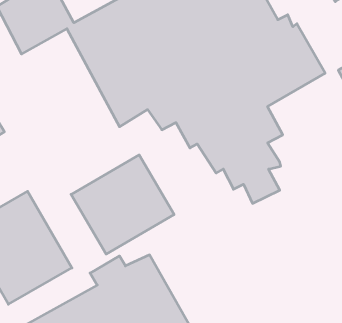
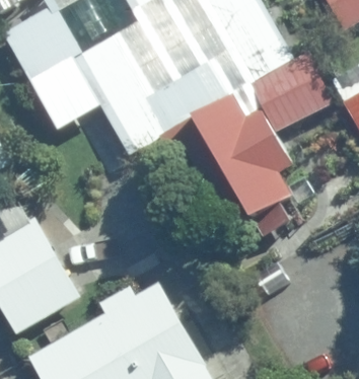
building: [71,155,174,254] -> none

